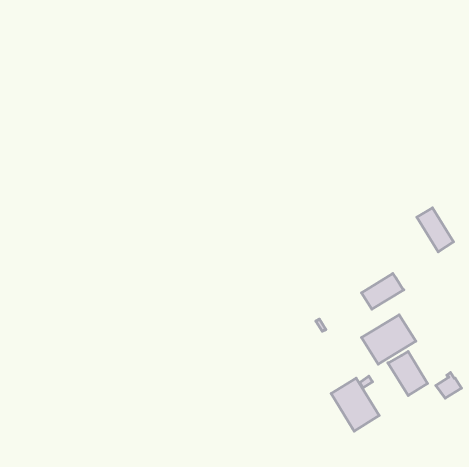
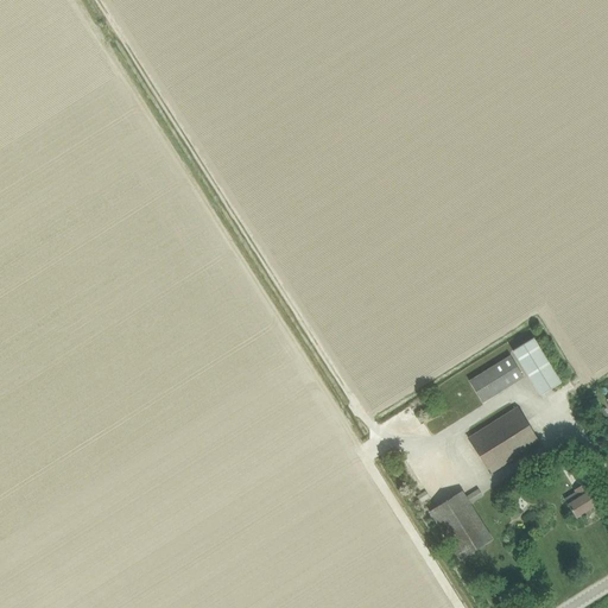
building: [417,208,454,252] -> [513,338,560,395]
building: [388,352,427,395] -> none

